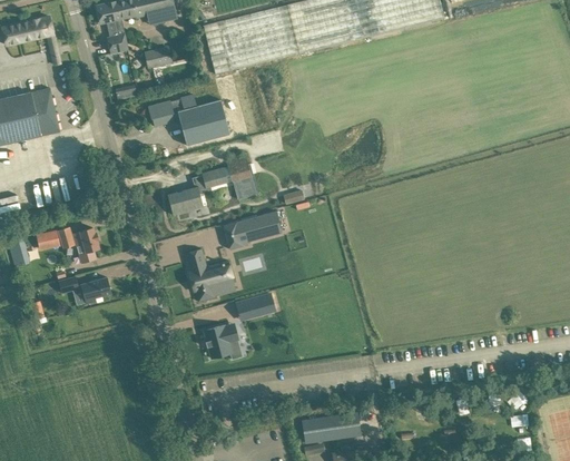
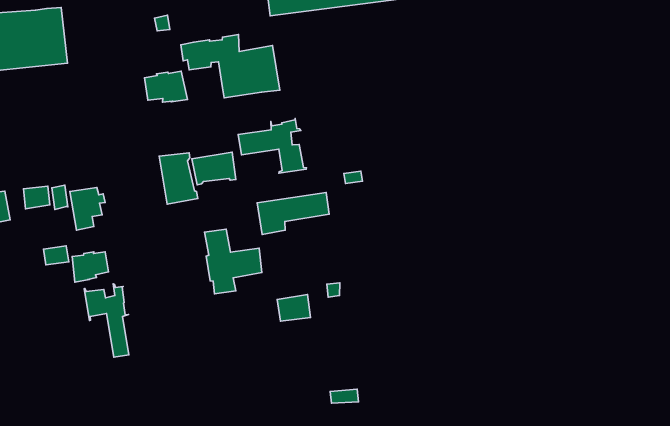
building: none -> [144,71,187,102]
building: none -> [159,153,198,204]
building: none -> [84,284,129,357]
building: [203,323,237,359] -> none

